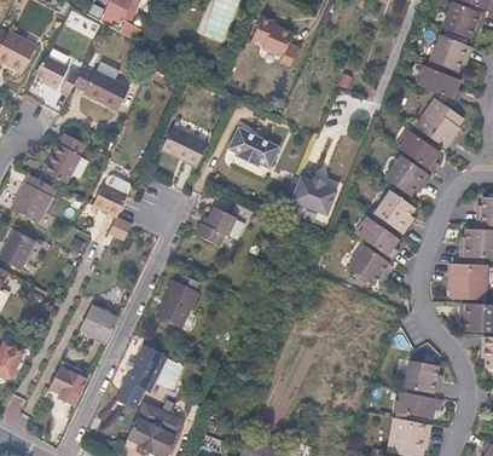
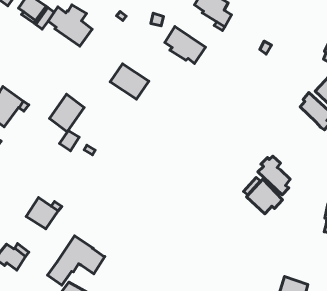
building: [228,126,279,168] -> [165,26,205,63]
building: [42,132,87,183] -> none
building: [385,155,430,196] -> none
building: [290,175,336,214] -> none
building: [373,190,414,233] -> none
building: [195,206,245,246] -> none
building: [156,273,199,328] -> none

